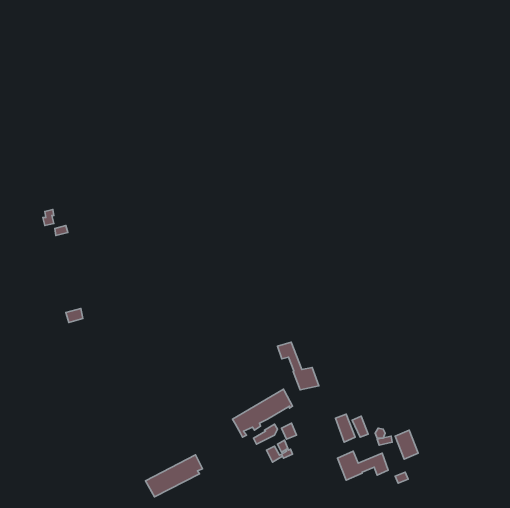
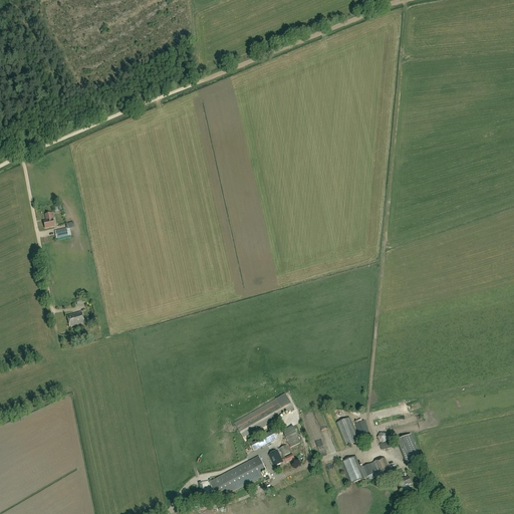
building: [277,342,319,390] -> none
building: [146,455,202,497] -> [209,455,266,497]

